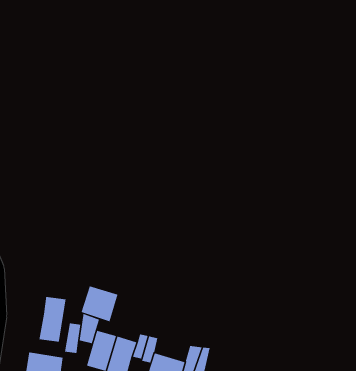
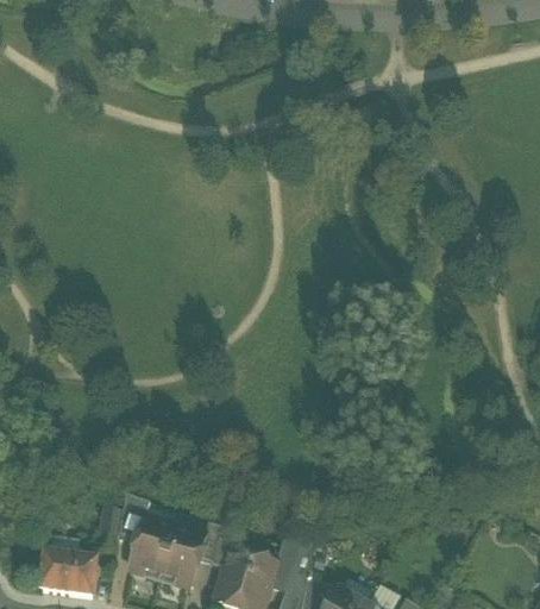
building: [81,286,118,322] -> none
building: [39,296,66,342] -> none

